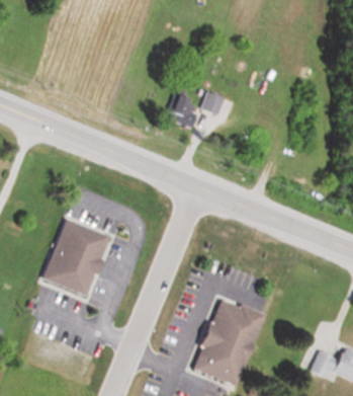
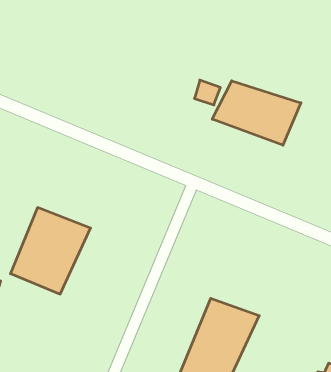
building: none -> [212,81,301,145]
building: [169,96,201,129] -> none

